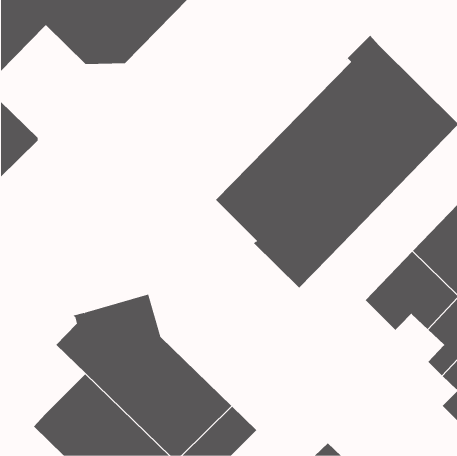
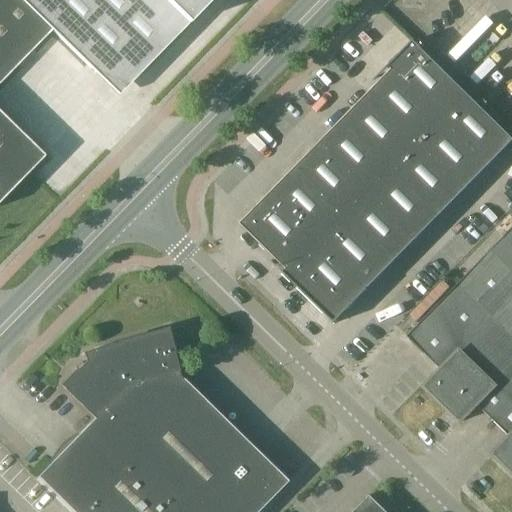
building: none -> [426,351,496,421]

